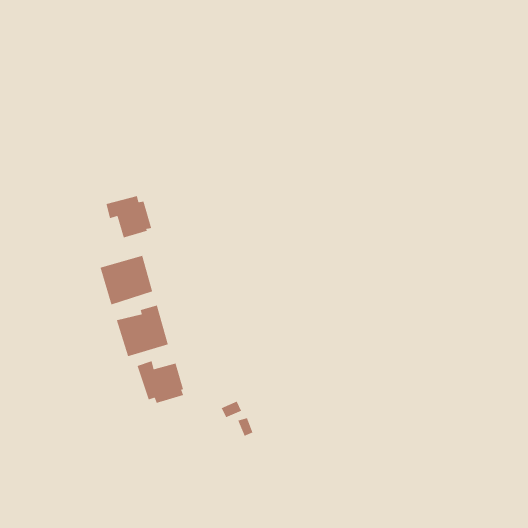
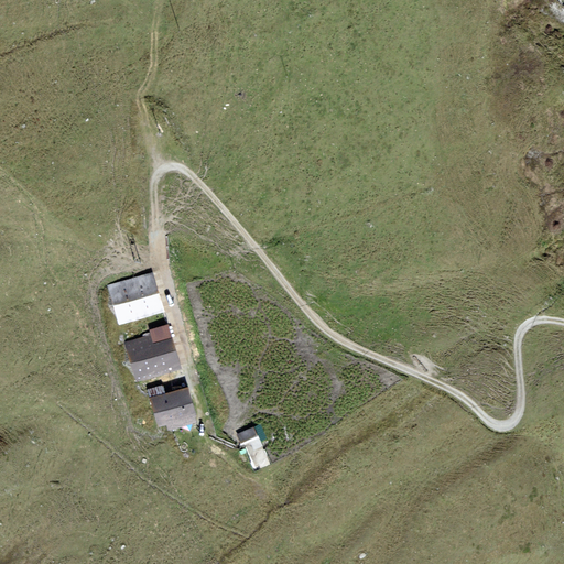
building: [105,195,152,238] -> none

